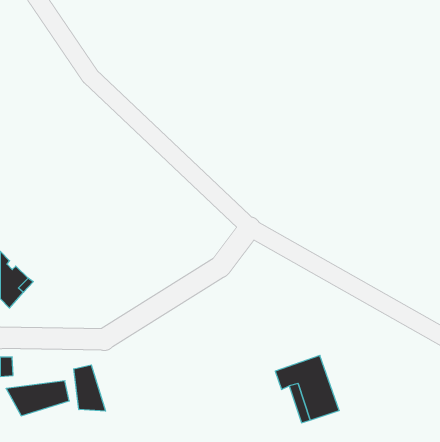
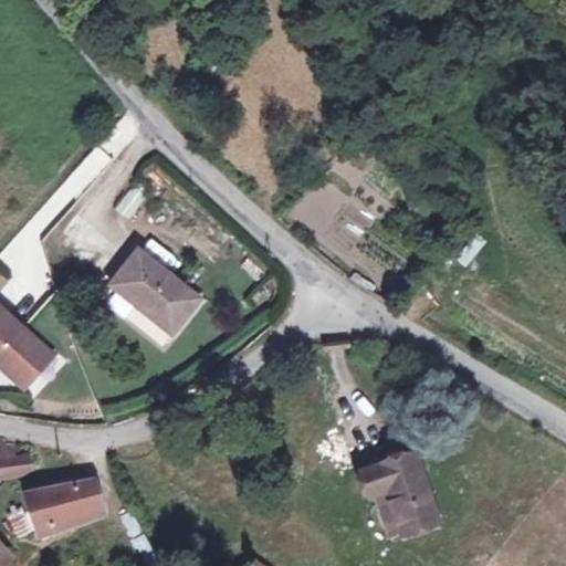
building: none -> [114,250,201,337]
building: [74,365,106,411] -> none

